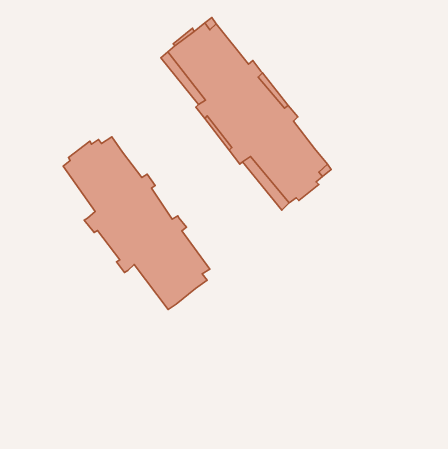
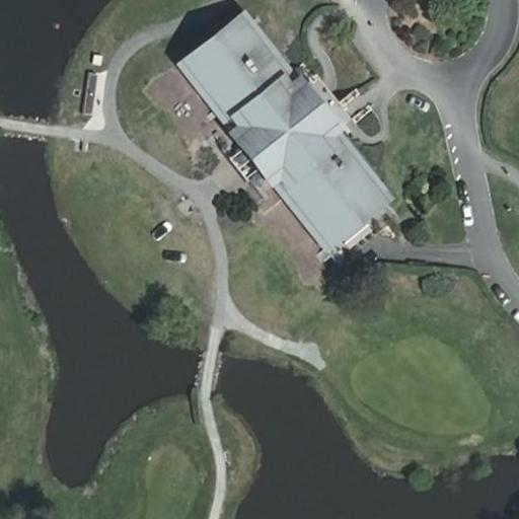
building: [63,137,210,310] -> none

